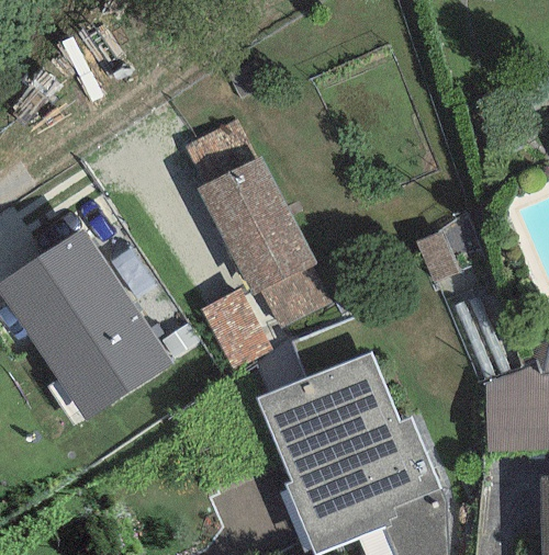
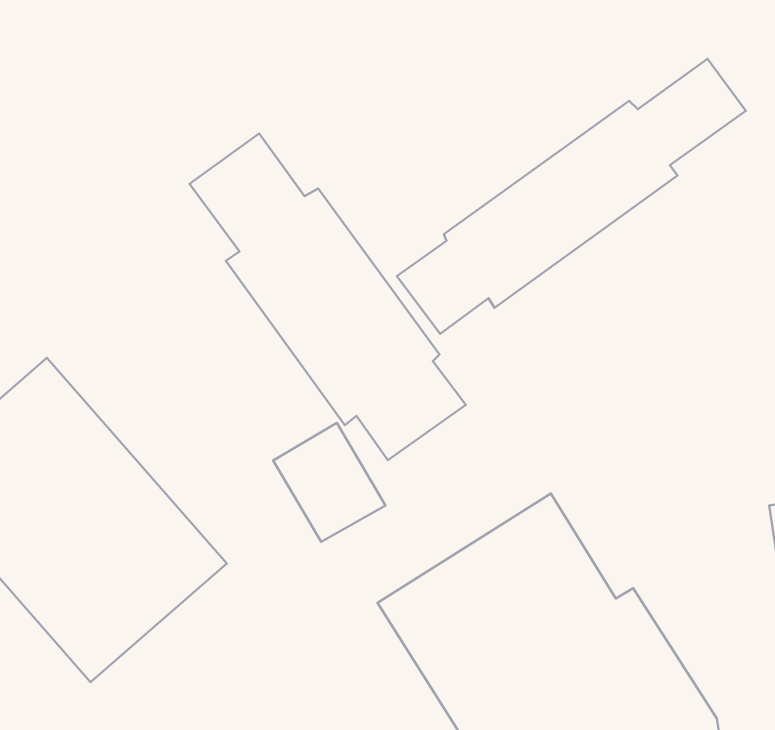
building: none -> [397,59,746,334]

